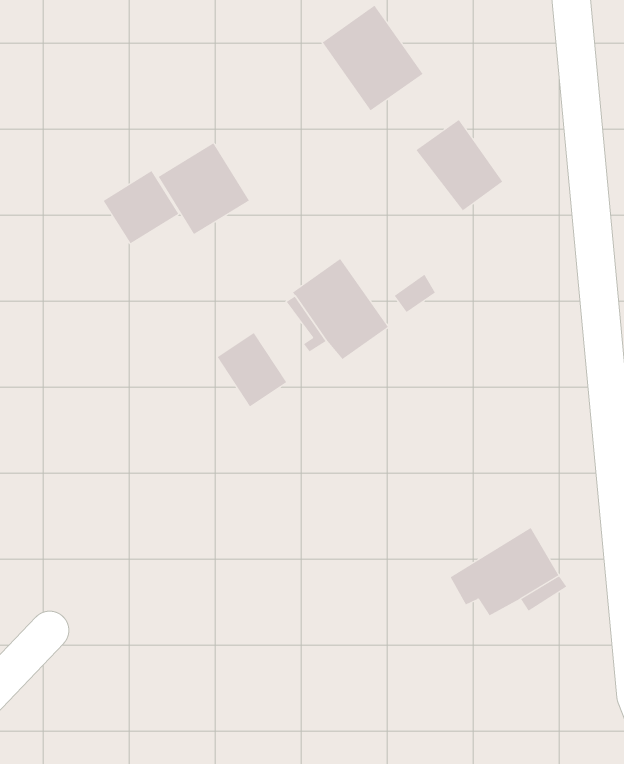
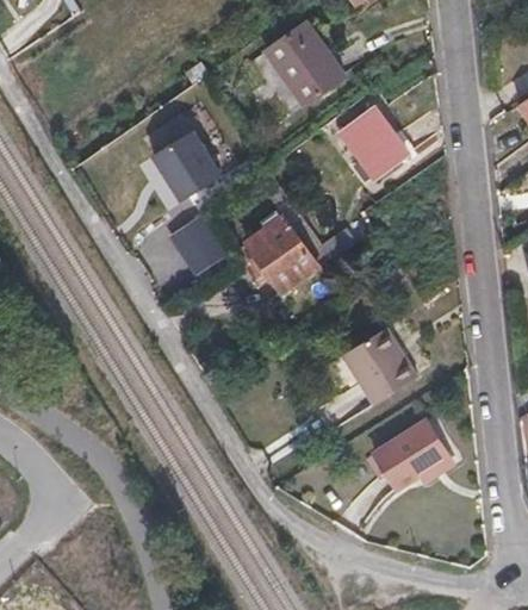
building: [103,170,179,244] -> none
building: [217,332,287,407] -> [170,218,224,275]
building: none -> [344,329,420,406]

